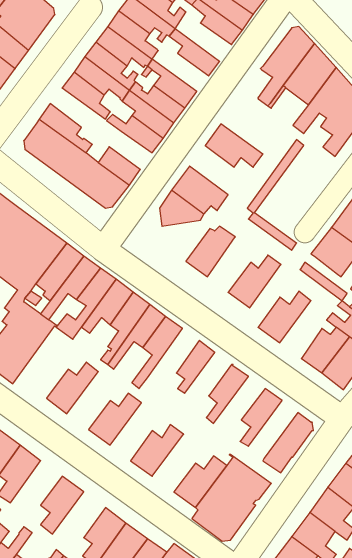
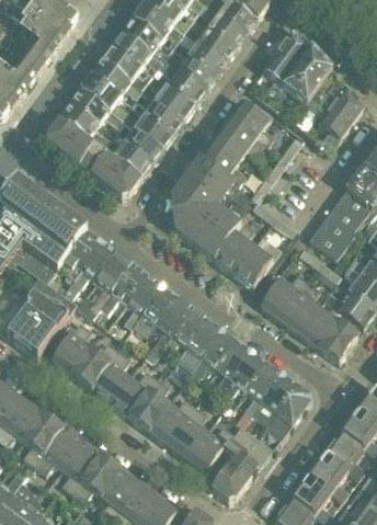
building: none -> [184,19,236,64]
building: none -> [163,54,215,91]
building: none -> [70,88,122,127]
building: none -> [226,98,273,148]
building: none -> [124,127,163,162]
building: none -> [197,140,244,187]
building: none -> [172,208,216,246]
building: none -> [214,220,253,274]
building: none -> [279,282,319,334]
building: none -> [159,307,206,356]
building: none -> [50,320,91,370]
building: none -> [190,329,236,377]
building: none -> [85,346,126,399]
building: none -> [219,351,266,399]
building: none -> [251,373,296,425]
building: none -> [125,375,164,427]
building: none -> [163,403,203,456]
building: none -> [34,427,81,475]
building: none -> [72,456,121,503]

